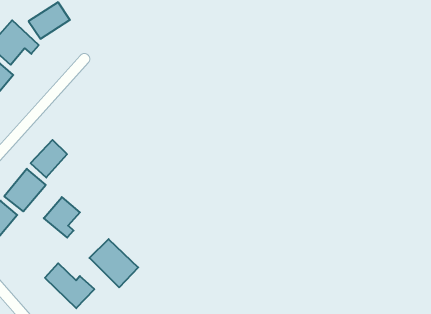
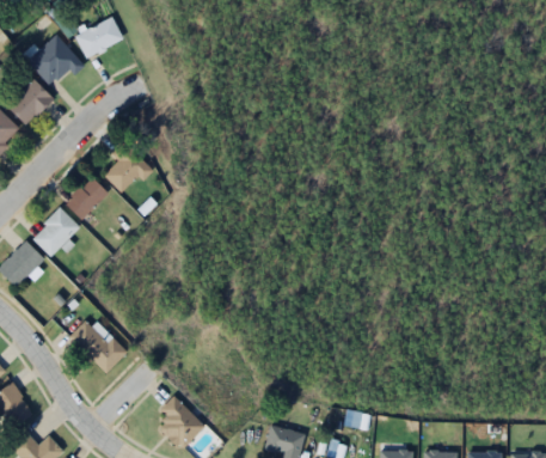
building: none -> [105,141,154,191]
building: [44,197,80,238] -> none
building: [89,239,138,287] -> none

